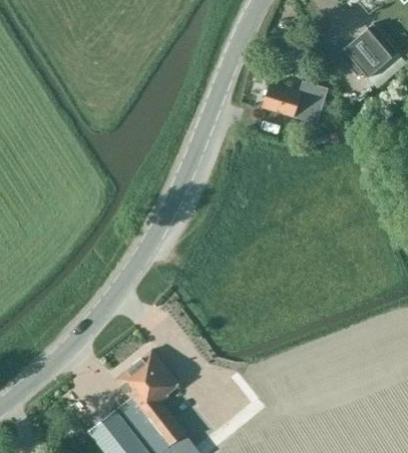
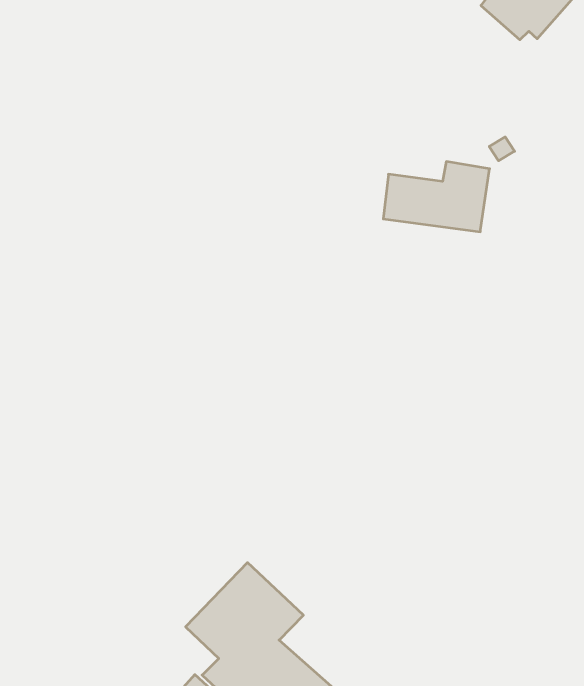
building: [263,82,328,125] -> [383,162,490,232]

